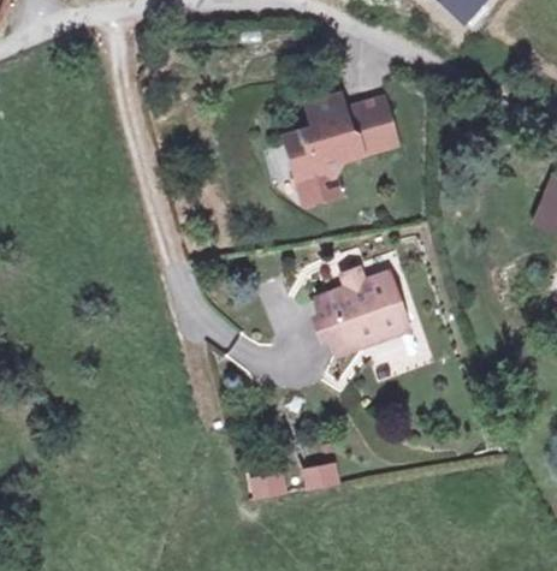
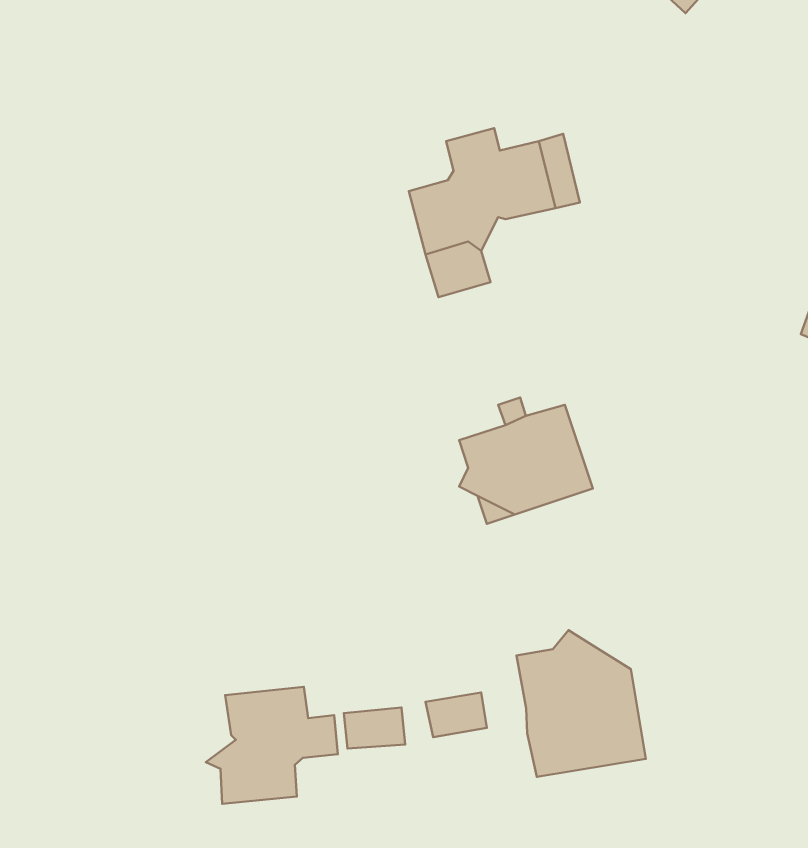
building: none -> [516,630,646,777]
building: none -> [206,687,338,804]

